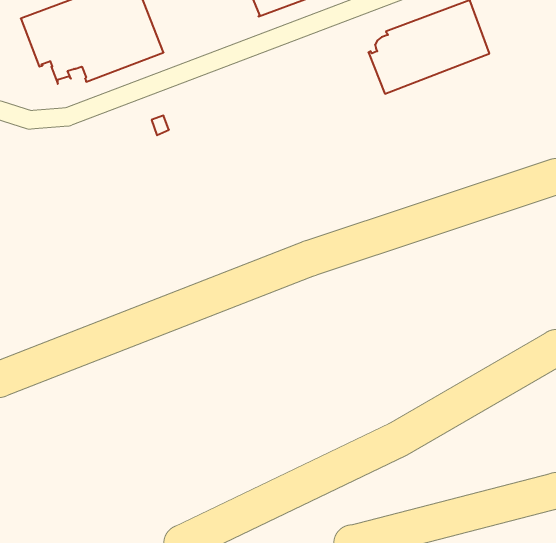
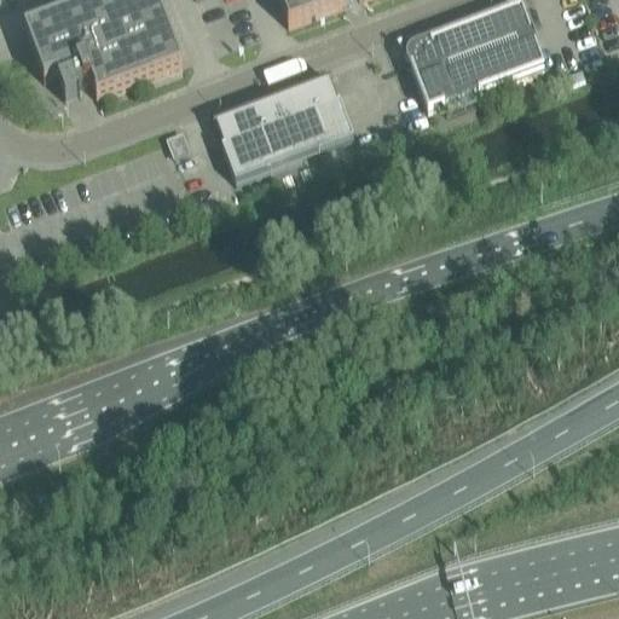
building: none -> [212,71,353,177]

